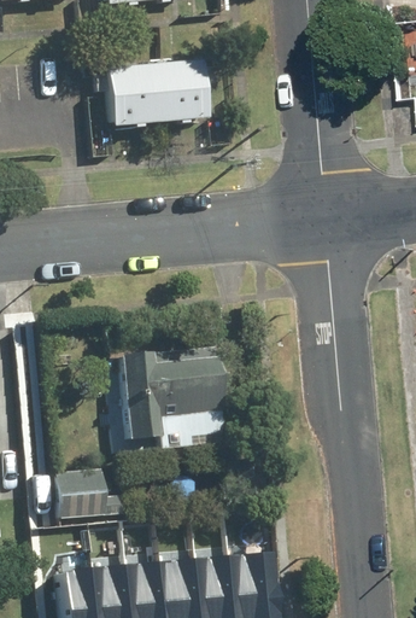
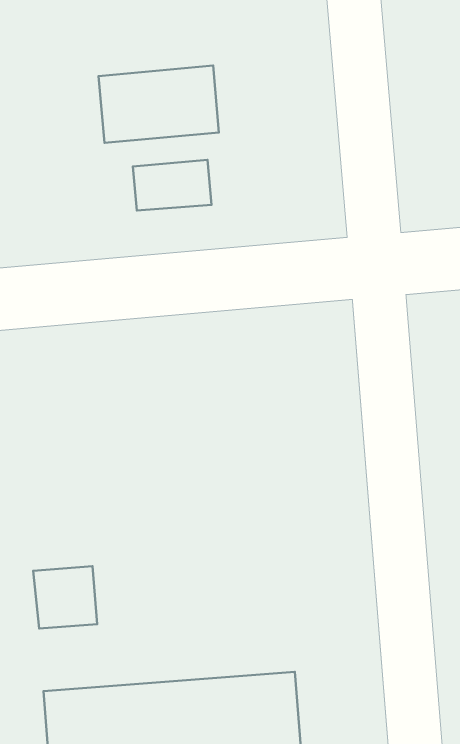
building: none -> [133,160,212,211]
building: [115,354,217,439] -> none

